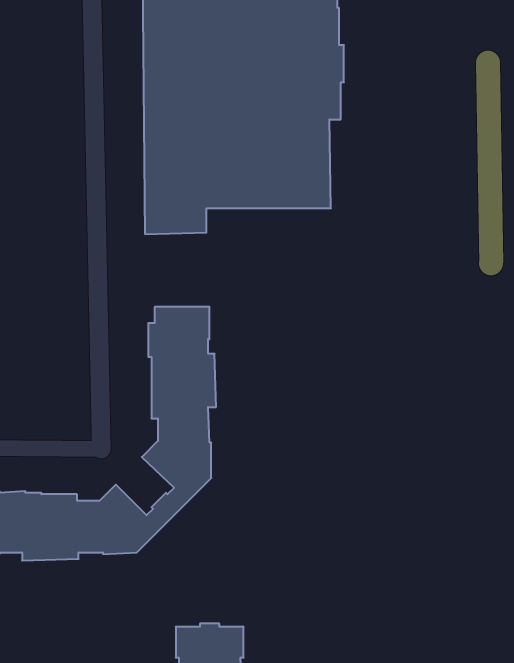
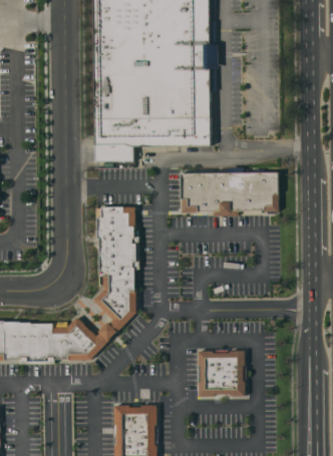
building: none -> [181,171,279,215]
building: none -> [199,350,245,396]

